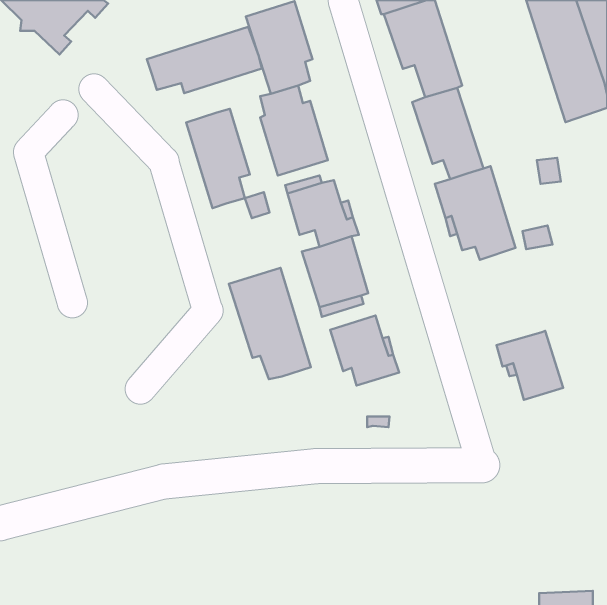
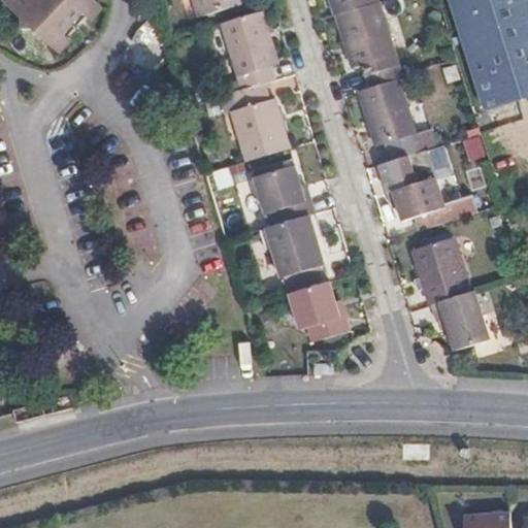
building: [147,27,262,93] -> none
building: [186,109,250,208] -> none
building: [229,268,311,379] -> none
building: none -> [411,237,470,302]

